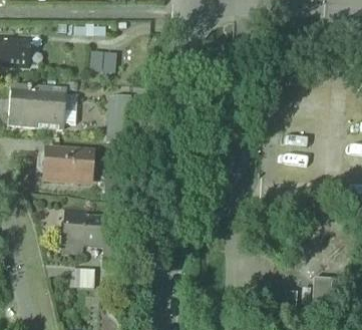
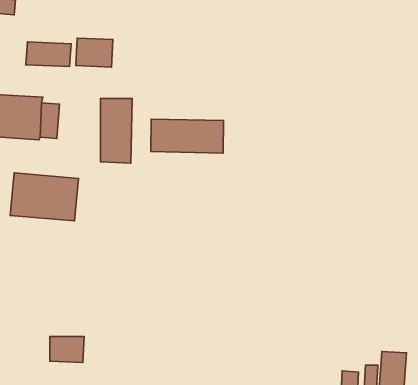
building: none -> [26,42,71,66]
building: none -> [151,119,223,153]
building: [68,216,113,248] -> none

